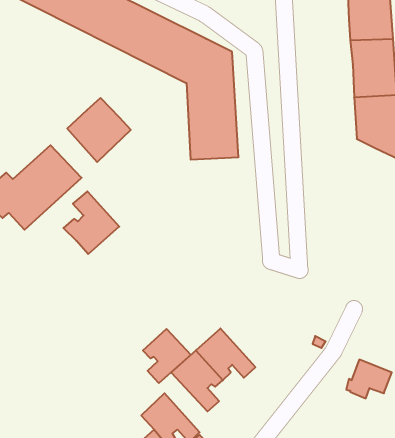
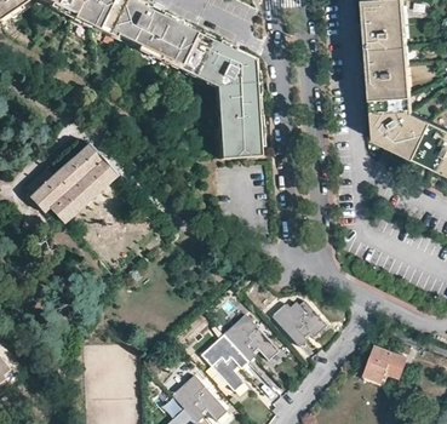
building: [67,98,131,162] -> none
building: [63,191,119,254] -> none
building: none -> [270,300,326,348]
building: [143,329,191,383] -> none

